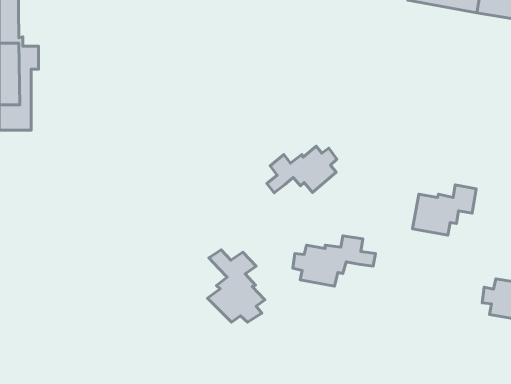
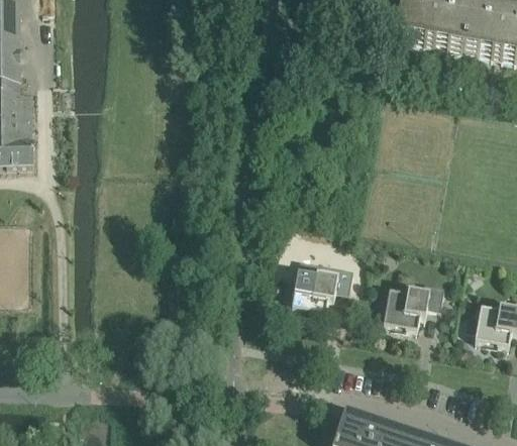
building: [267,146,337,193] -> none
building: [412,185,476,235] -> [382,278,443,327]
building: [207,250,265,322] -> none

